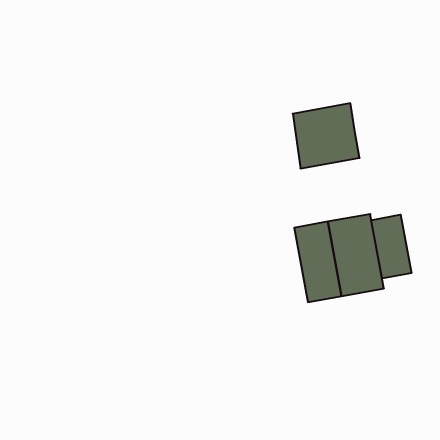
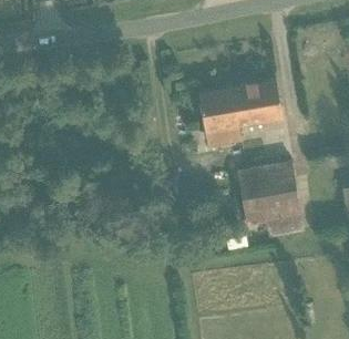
building: none -> [198,85,239,144]
building: [371,215,411,278] -> none

